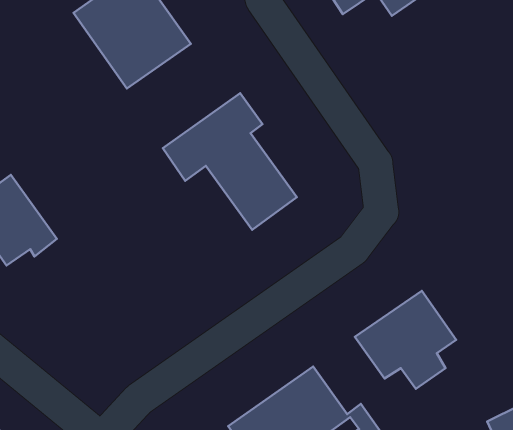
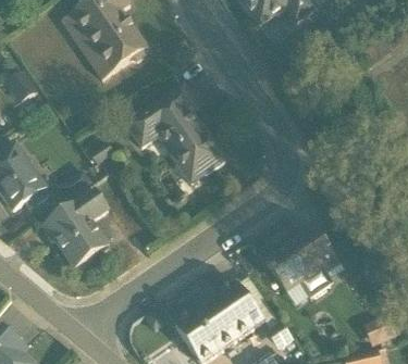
building: none -> [44,190,111,267]

